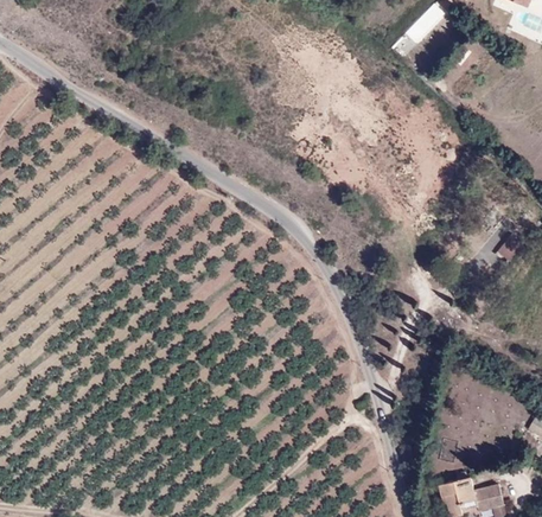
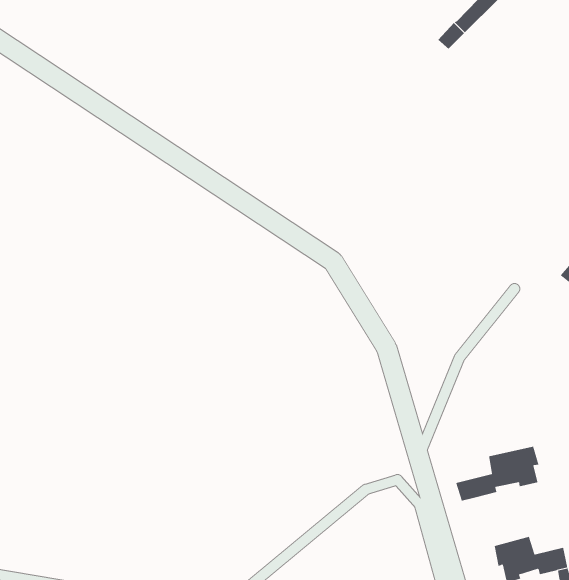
building: none -> [456,446,539,501]

